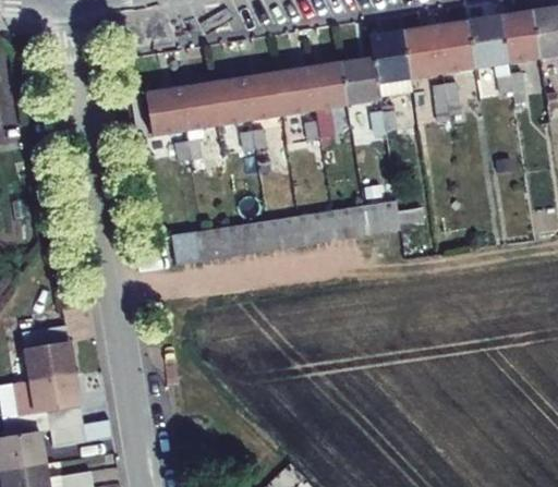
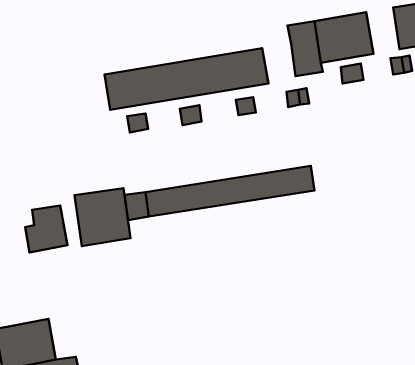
building: [461,12,501,68] -> none
building: [336,56,377,104] -> none
building: none -> [74,188,131,246]
building: [27,339,78,395] -> [25,205,68,252]

